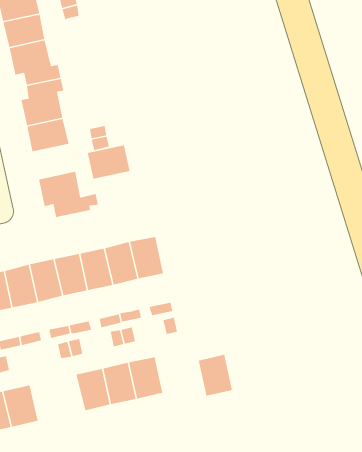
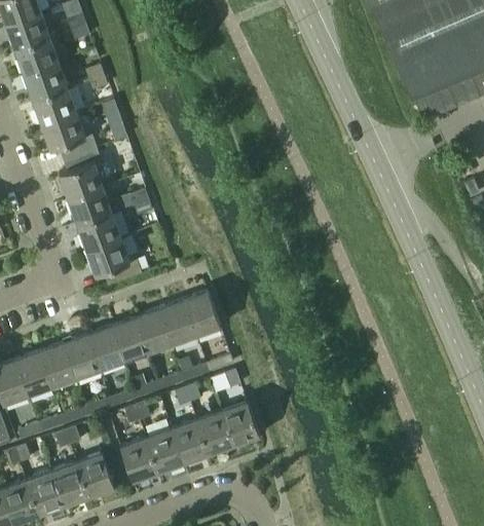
building: [87,145,131,180] -> [76,212,121,250]
building: [198,354,233,397] -> [221,401,259,445]
building: none -> [119,437,158,481]

